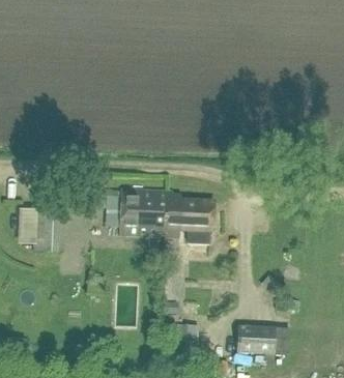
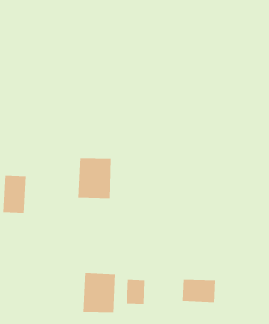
building: [154,188,211,242] -> none
building: none -> [83,272,116,313]

